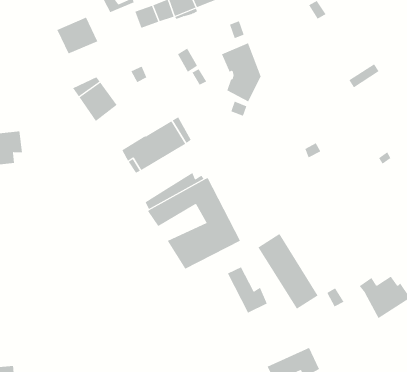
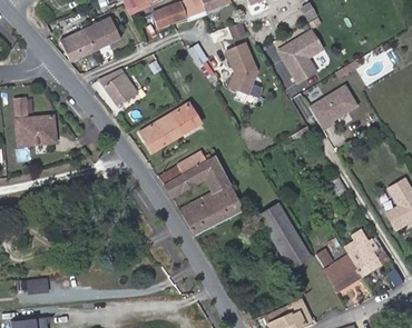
building: none -> [60,29,95,61]
building: none -> [278,30,322,81]
building: none -> [308,85,357,129]
building: [227,267,267,314] -> none
building: none -> [324,255,361,291]

